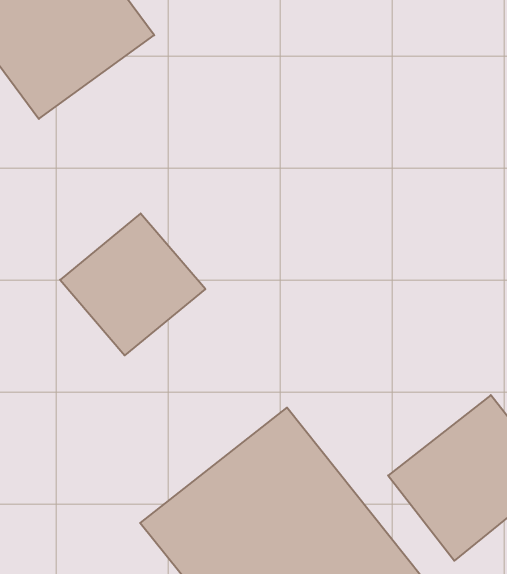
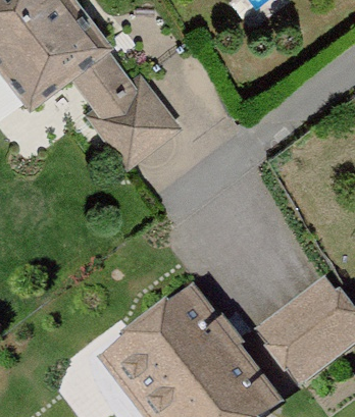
building: [60,213,205,355] -> [89,76,183,168]

